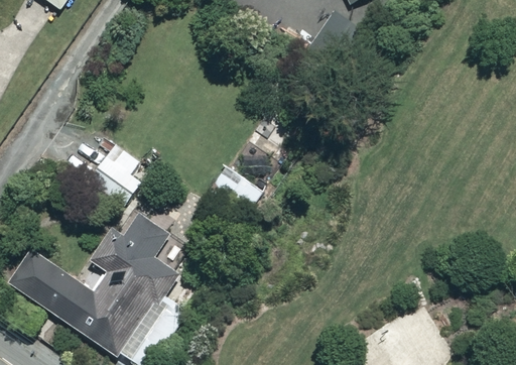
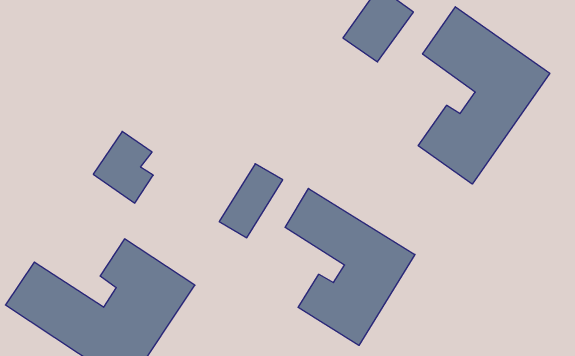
building: none -> [418,7,550,184]
building: none -> [285,188,415,345]

